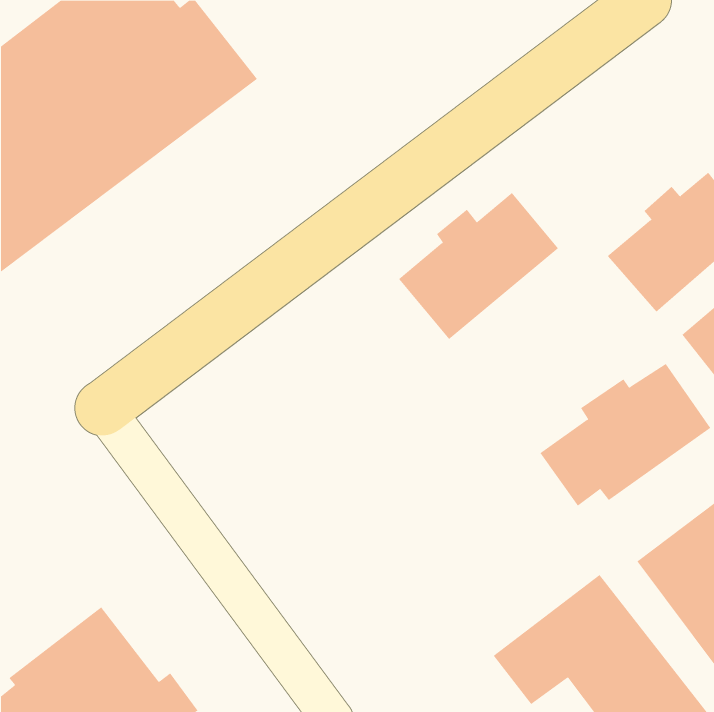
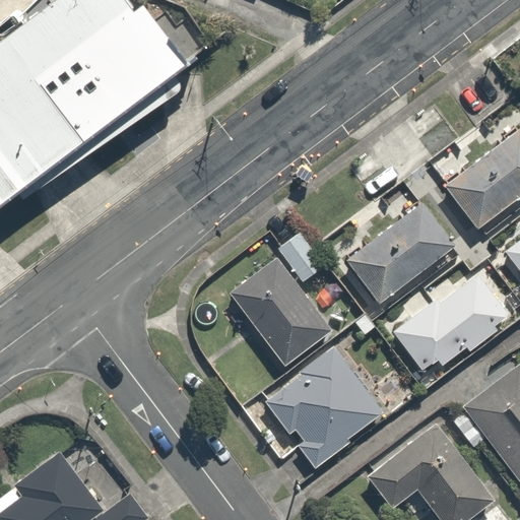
building: [398,192,559,340] -> [342,200,458,307]
building: none -> [225,260,331,370]
building: none -> [258,344,390,475]

